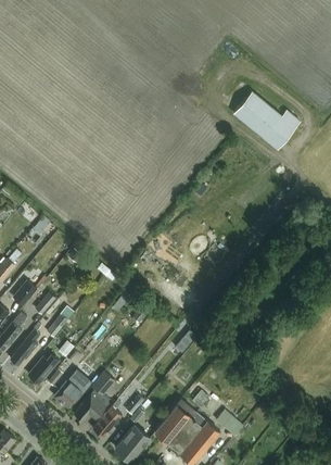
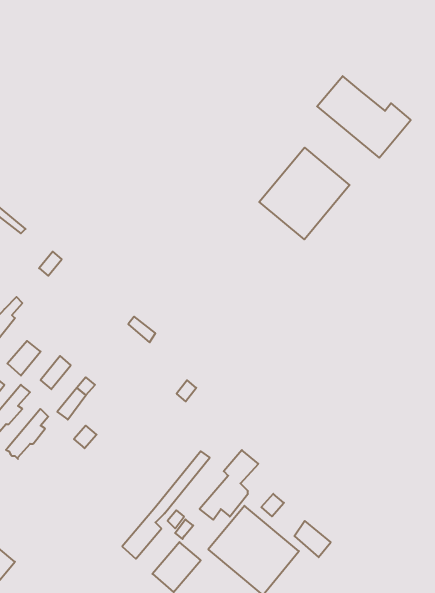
building: none -> [259,148,350,239]
building: [26,354,58,384] -> none
building: [73,370,115,420] -> [200,450,258,520]
building: [53,376,85,407] -> none

